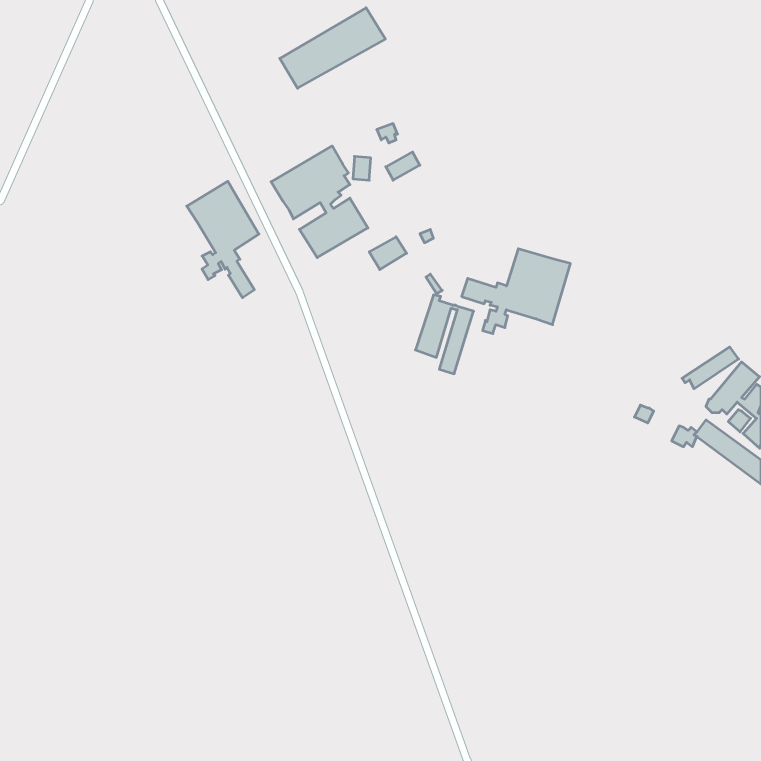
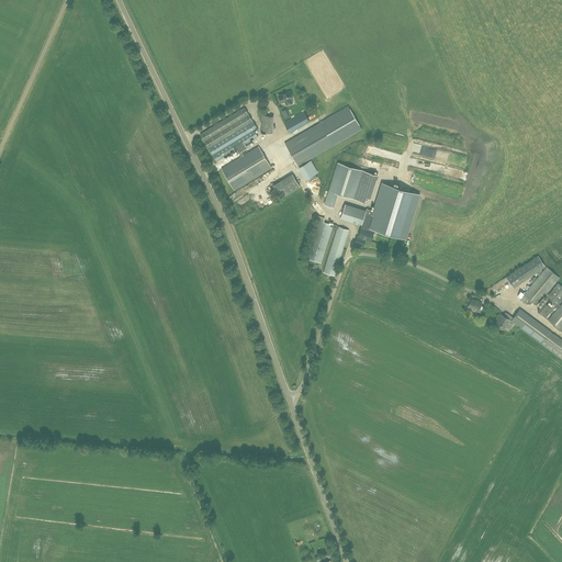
building: [280,8,385,88] -> [284,106,362,166]
building: [187,181,259,298] -> none
building: none -> [325,162,376,207]

